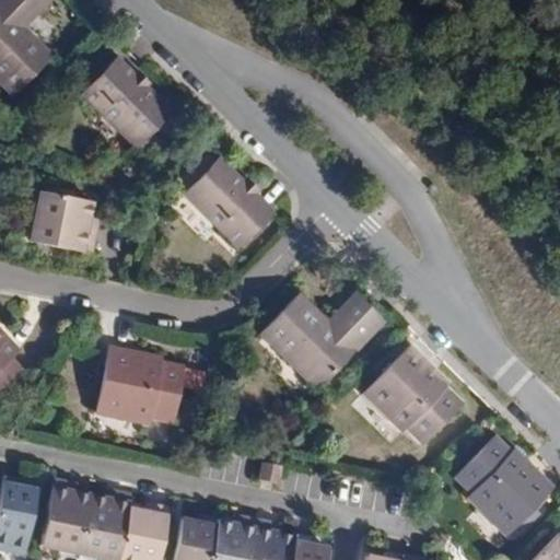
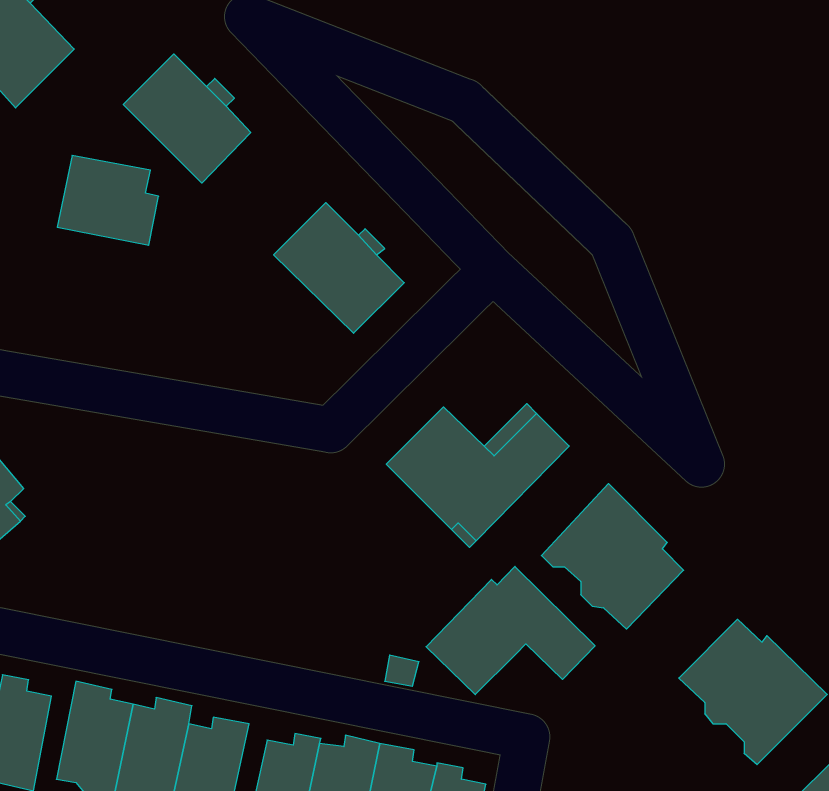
building: [30,194,97,254] -> [57,155,159,245]
building: [97,348,180,423] -> none
building: none -> [426,566,595,695]

